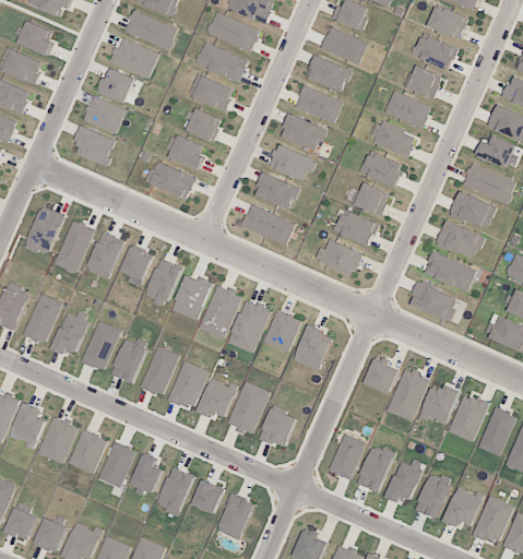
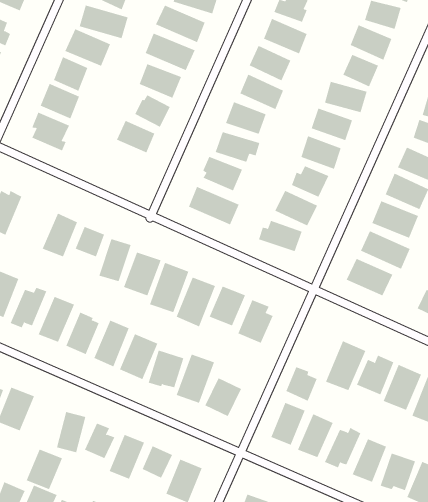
building: [145,159,195,200] -> none
building: [54,221,94,274] -> none
building: [364,357,397,394] -> [285,366,317,401]
building: [68,430,107,474] -> [26,449,63,490]

